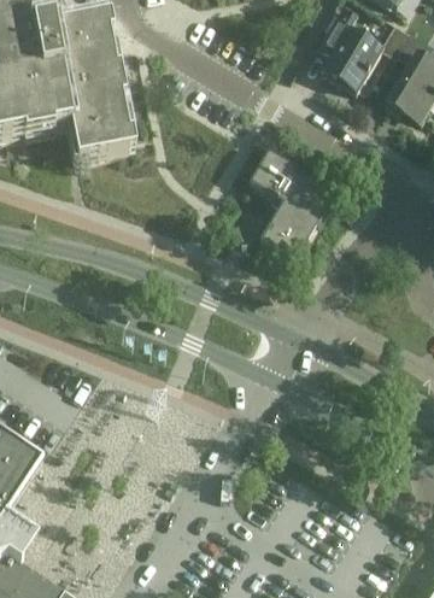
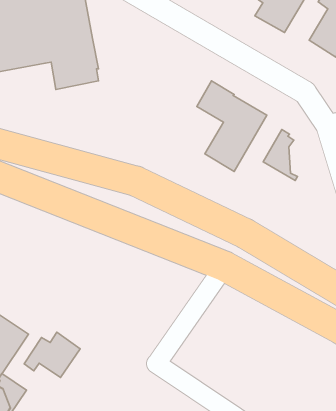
building: none -> [263,130,298,180]
building: none -> [24,332,80,378]

